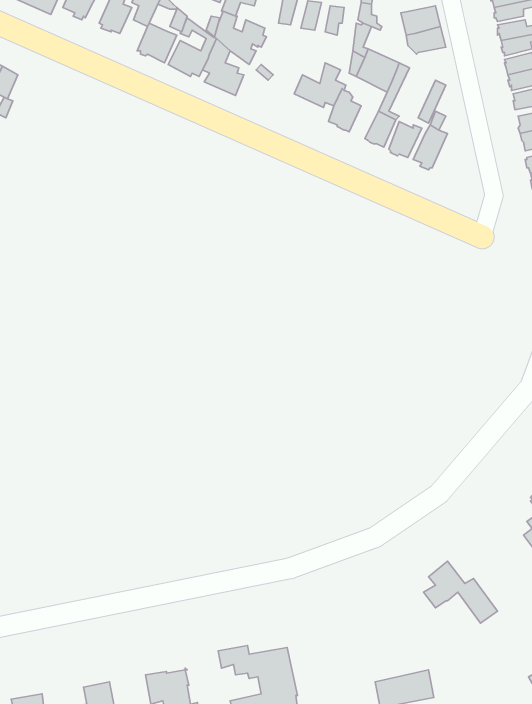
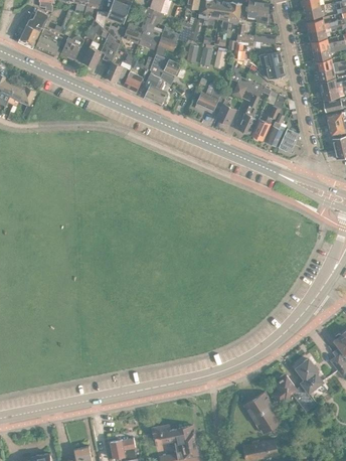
building: none -> [279,127,303,155]
building: none -> [296,358,322,392]
building: none -> [243,391,282,433]

